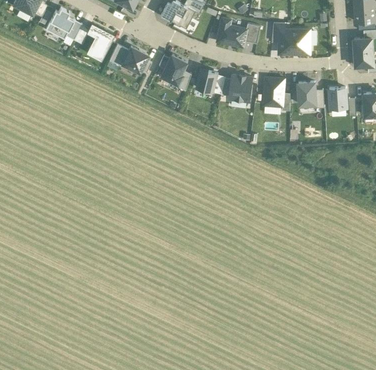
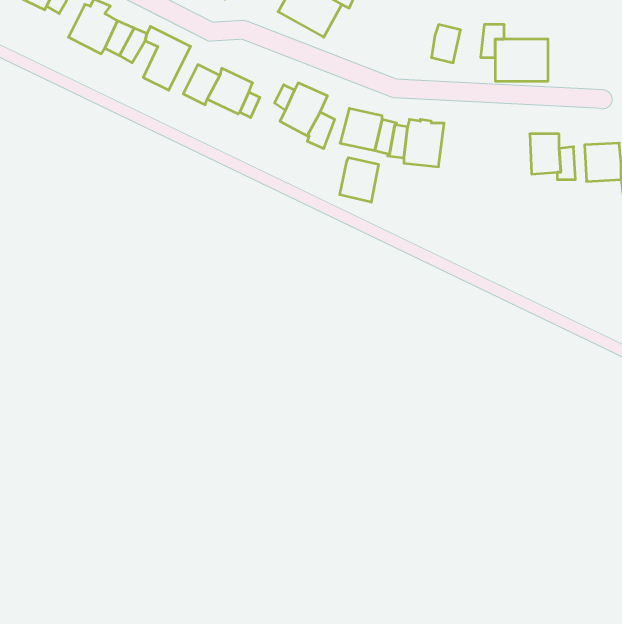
building: [216,18,246,47] -> none
building: [263,78,283,106] -> none
building: none -> [340,158,378,202]

